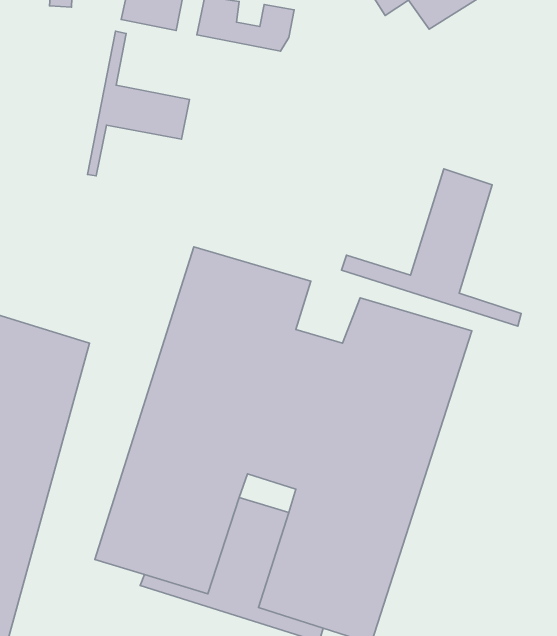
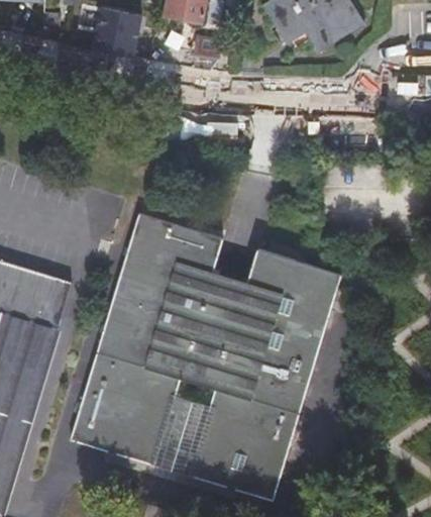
building: [87,31,189,176] -> none
building: [342,169,521,326] -> none

